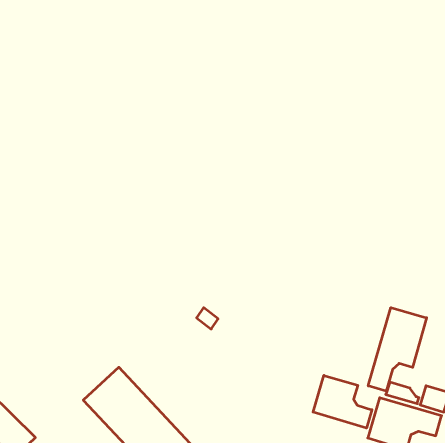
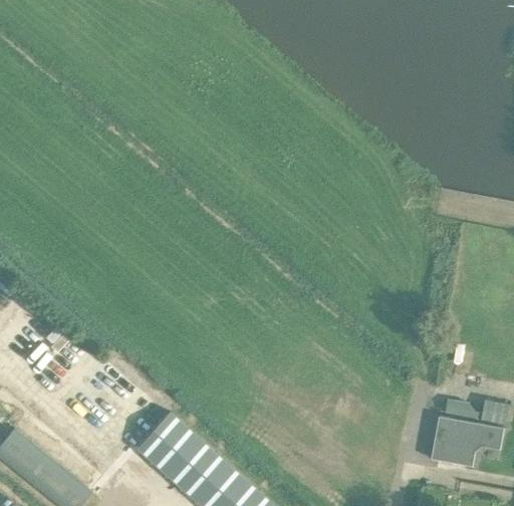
building: [368,308,427,391] -> none
building: [313,375,372,428] -> none

